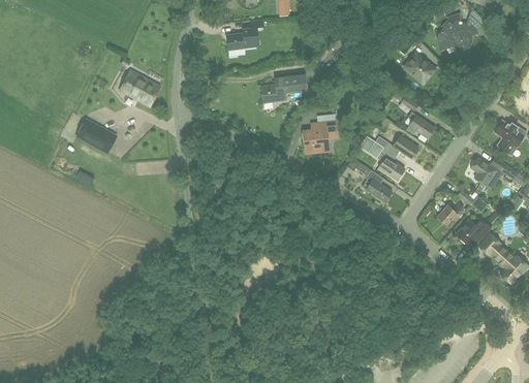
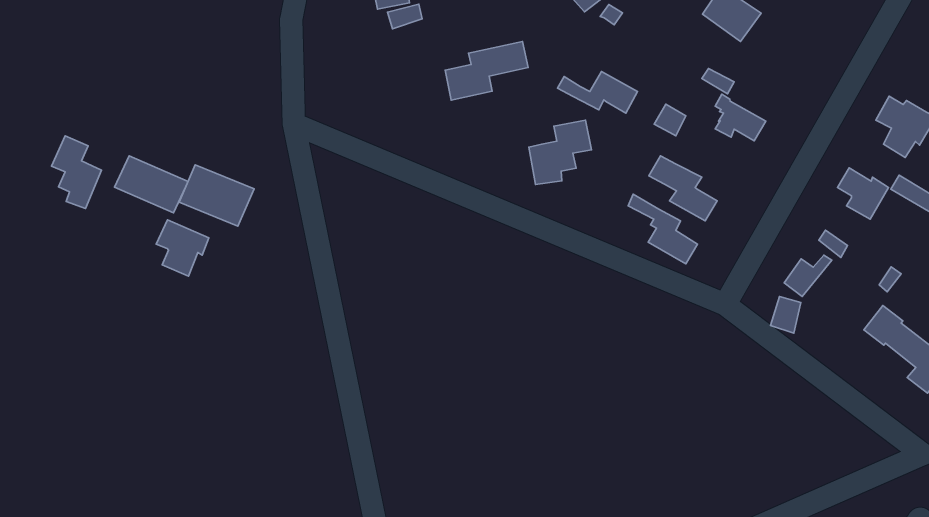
building: [121,71,162,106] -> [179,165,254,226]
building: none -> [52,136,102,209]
building: [375,134,418,158] -> [557,72,637,113]
building: none -> [156,220,209,276]
building: [456,219,491,244] -> none

